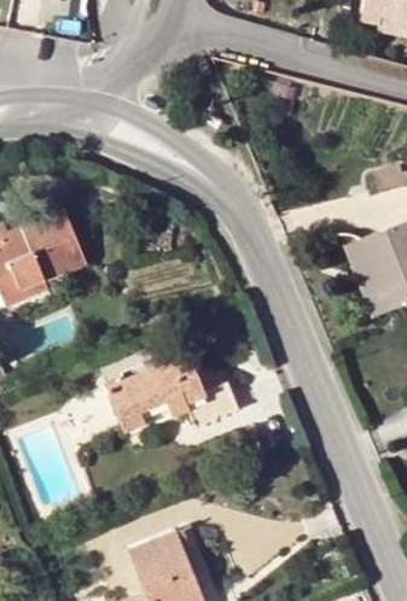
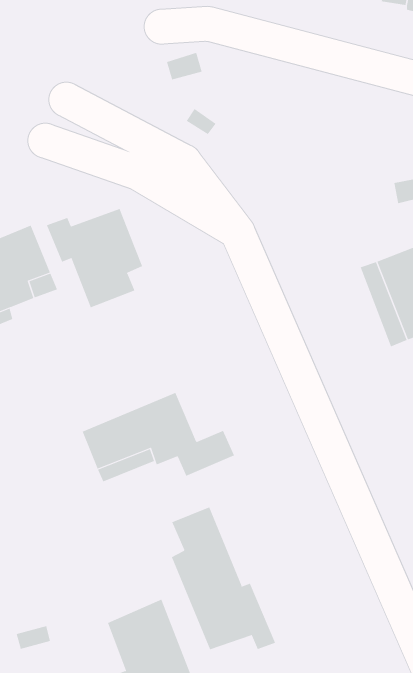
building: none -> [46,208,143,308]
building: none -> [171,507,276,650]

